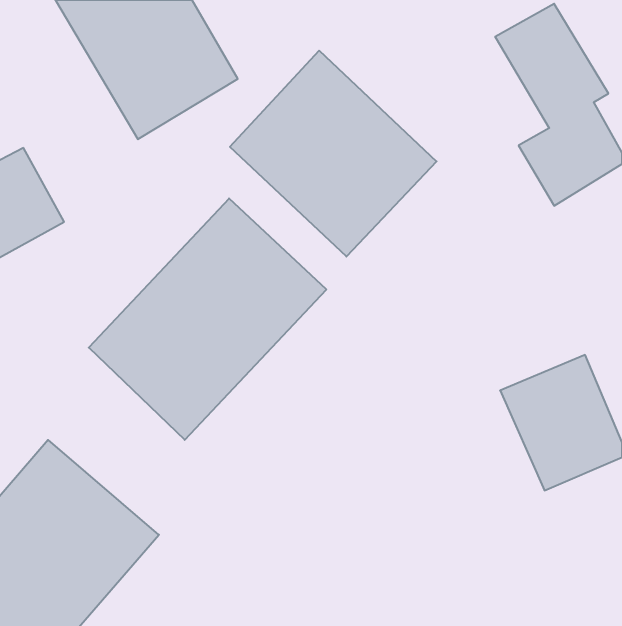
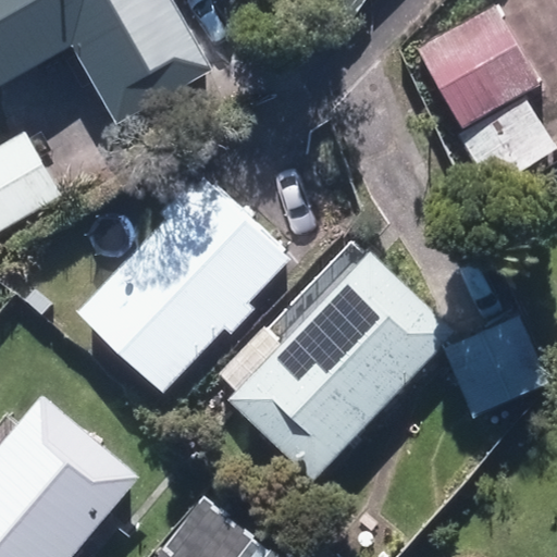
building: [230,51,437,257] -> none
building: none -> [228,250,449,479]

